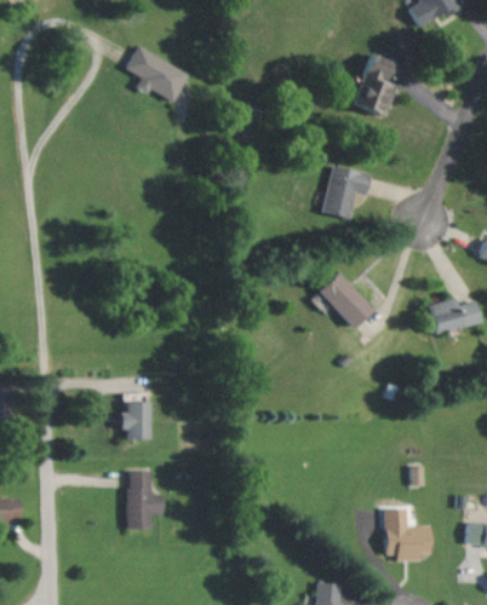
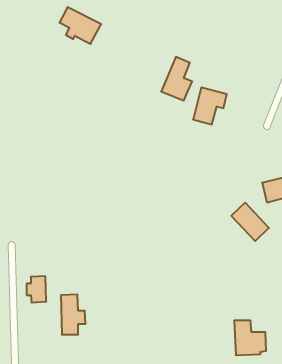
building: [349,52,395,116] -> [161,57,192,100]
building: [317,271,373,328] -> [231,203,269,241]
building: [118,401,147,439] -> [27,276,46,302]

